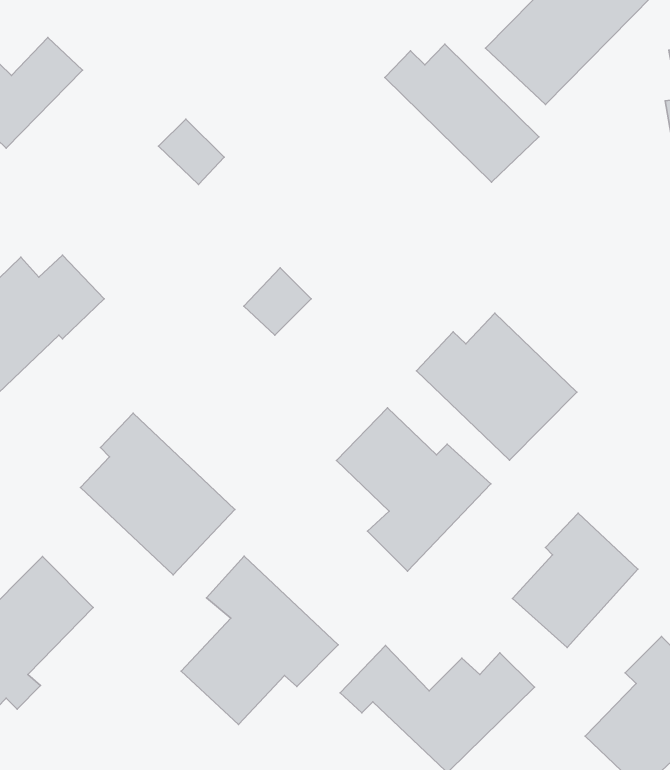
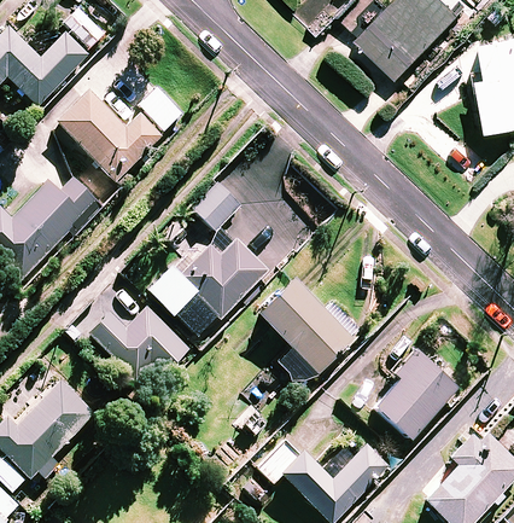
building: [385,44,539,182] -> none
building: none -> [57,91,160,181]
building: [416,313,577,460] -> none
building: none -> [148,236,268,341]
building: [181,556,338,725] -> none

